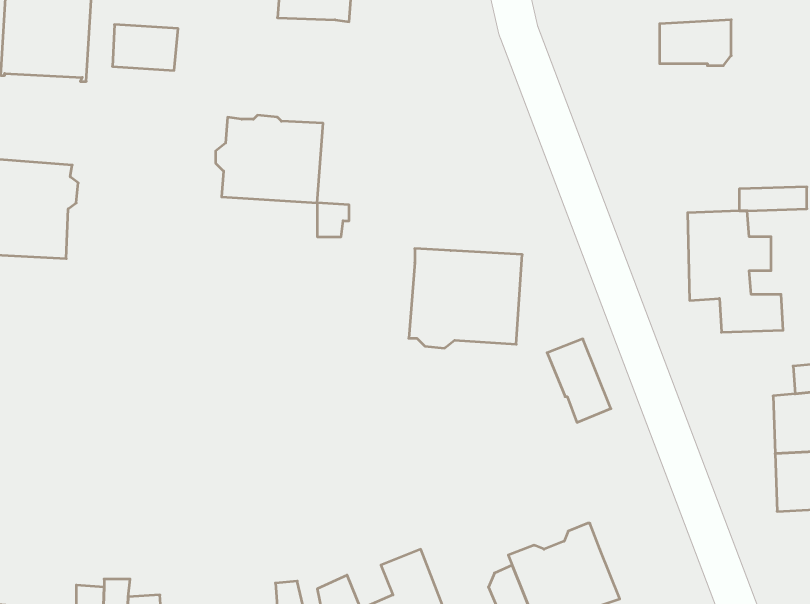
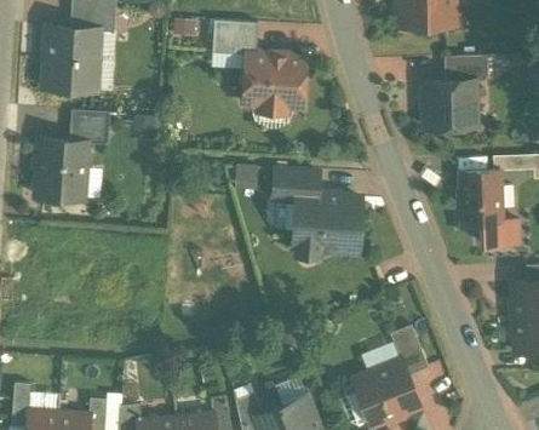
building: [112,25,178,70] -> [70,110,110,138]
building: none -> [424,81,475,133]
building: [216,115,323,203] -> [240,53,305,107]
building: none -> [274,170,319,202]
building: [547,339,611,422] -> [390,326,429,377]

